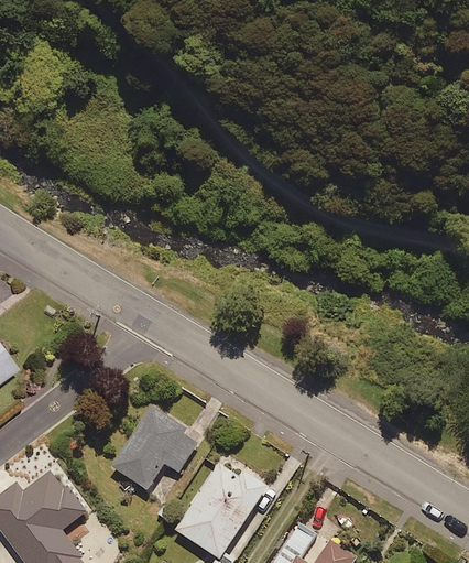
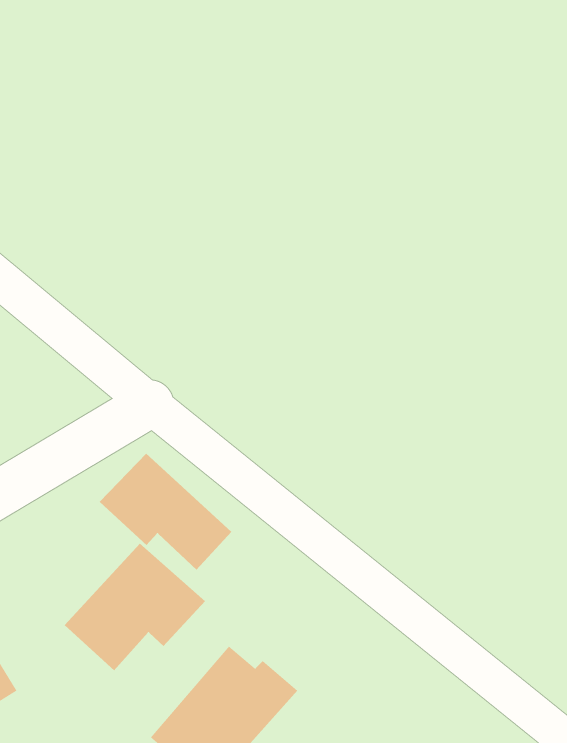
building: none -> [99,453,232,571]

